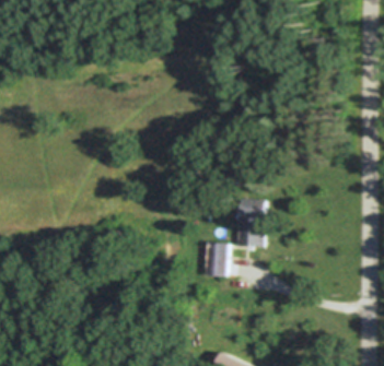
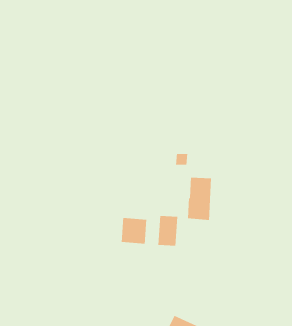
building: none -> [121,217,147,244]

